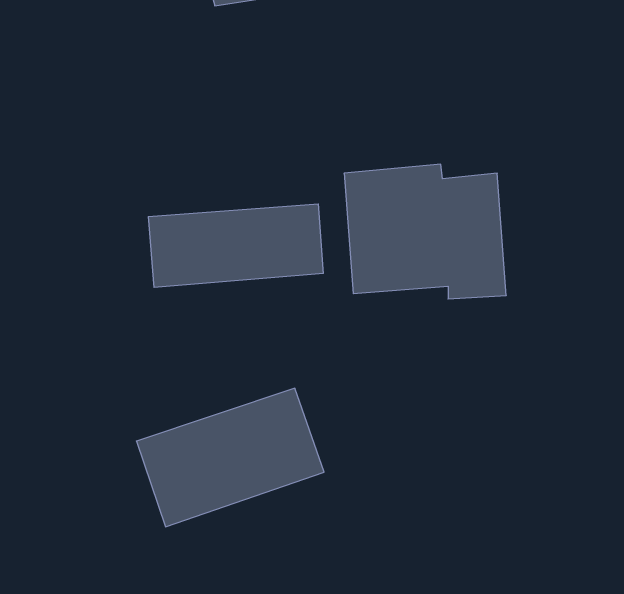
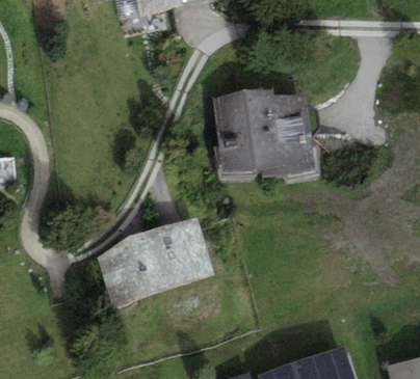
building: [148,204,323,287] -> none

